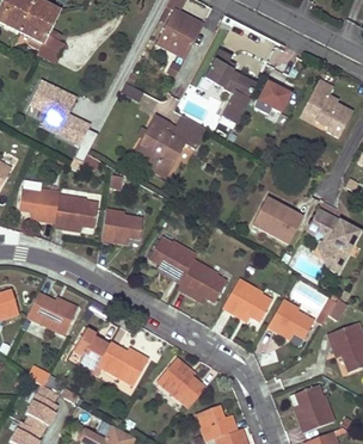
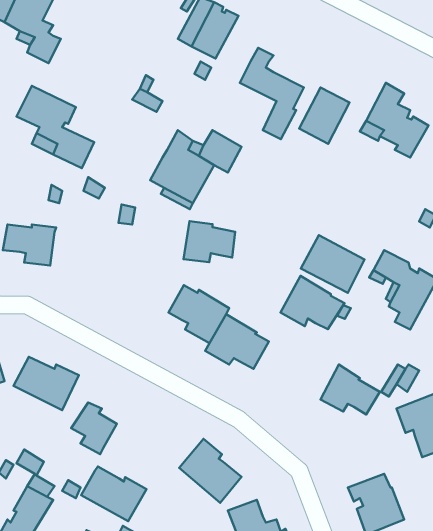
building: [54,195,97,229] -> none
building: [101,209,142,241] -> [183,221,235,262]
building: [222,278,272,320] -> [281,276,344,329]
building: [97,341,148,384] -> [81,466,146,521]

